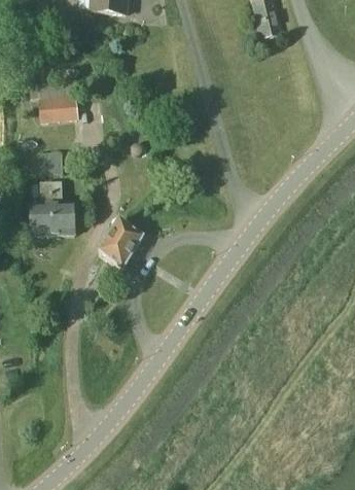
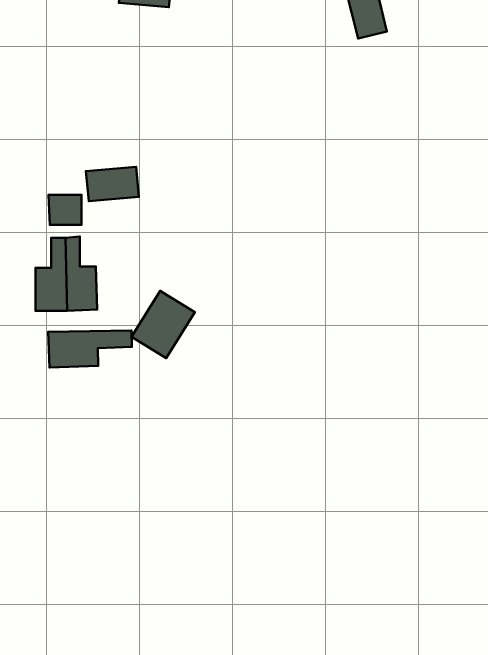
building: [39,96,77,120] -> [86,167,139,201]
building: none -> [48,331,132,368]

